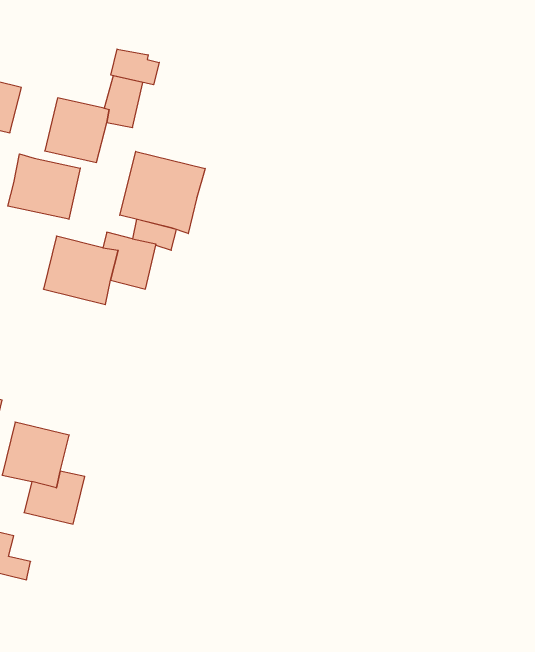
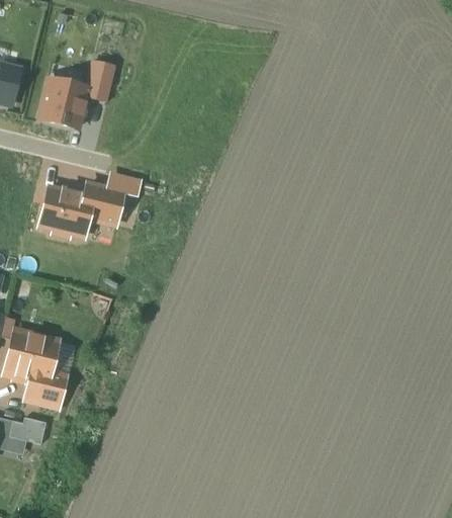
building: [111,49,159,85] -> none
building: [120,151,205,234] -> none
building: [8,154,80,219] -> none
building: none -> [10,417,46,443]

